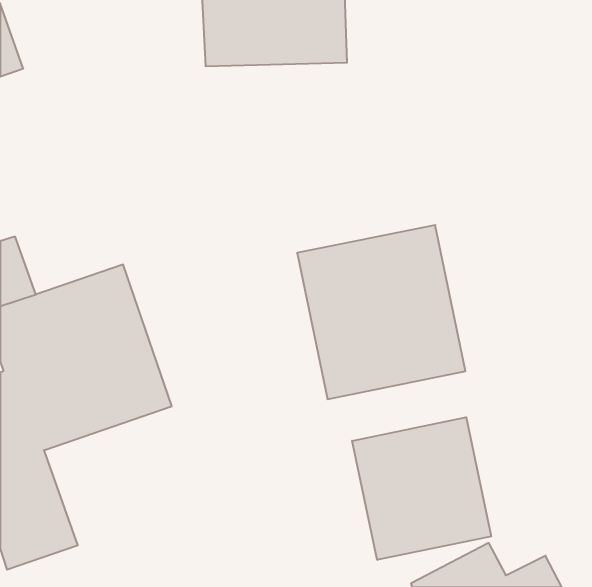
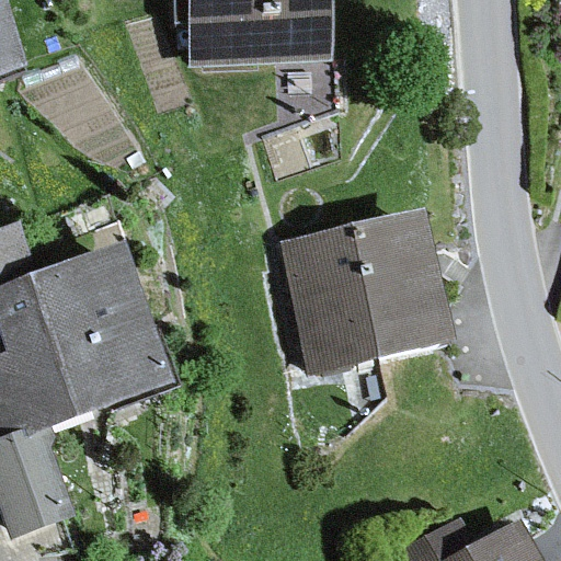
building: [352,417,491,560] -> none

